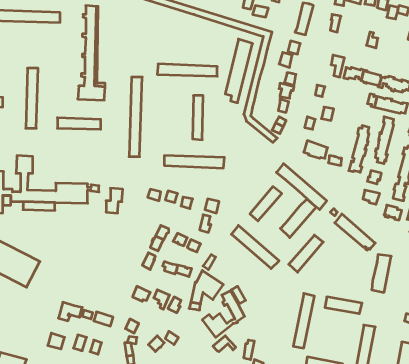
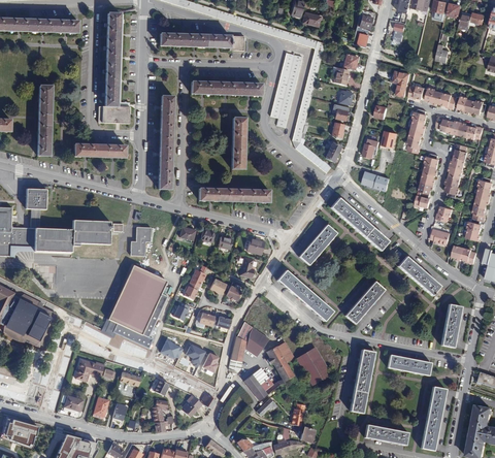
building: none -> [160,32,244,51]
building: none -> [407,108,427,153]
building: [280,199,316,238] -> none
building: none -> [105,266,168,349]
building: none -> [296,346,332,386]

